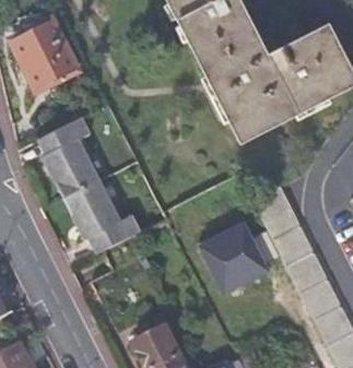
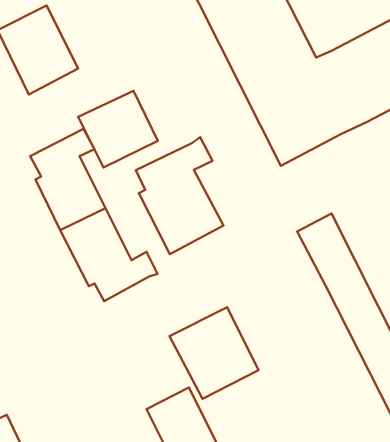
building: none -> [78,91,158,167]
building: none -> [136,137,223,254]
building: [198,219,269,293] -> [170,307,259,399]

